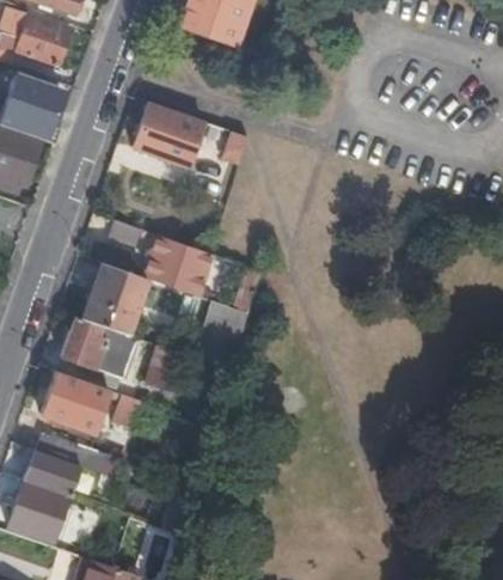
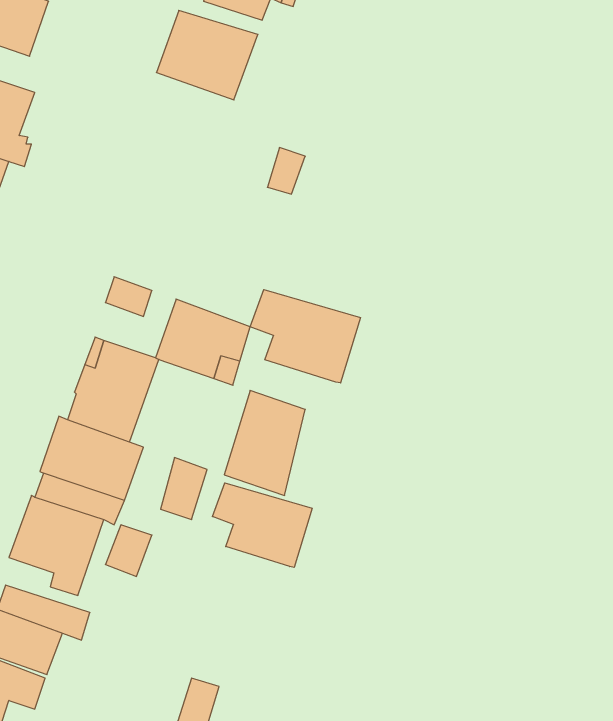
building: [135,103,206,165] -> [156,10,258,100]
building: none -> [250,290,361,383]
building: none -> [212,483,312,567]

